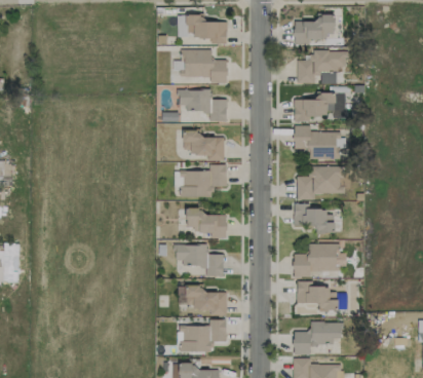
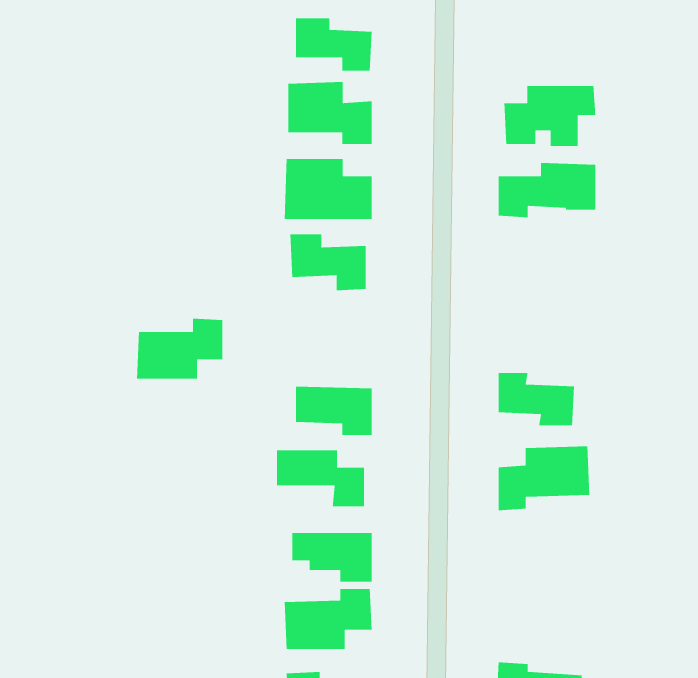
building: [294,14,334,45] -> none
building: [294,125,343,160] -> none
building: [180,164,226,197] -> [136,318,223,379]
building: [297,166,349,200] -> none
building: [297,281,338,310] -> none
building: [294,323,341,355] -> none

